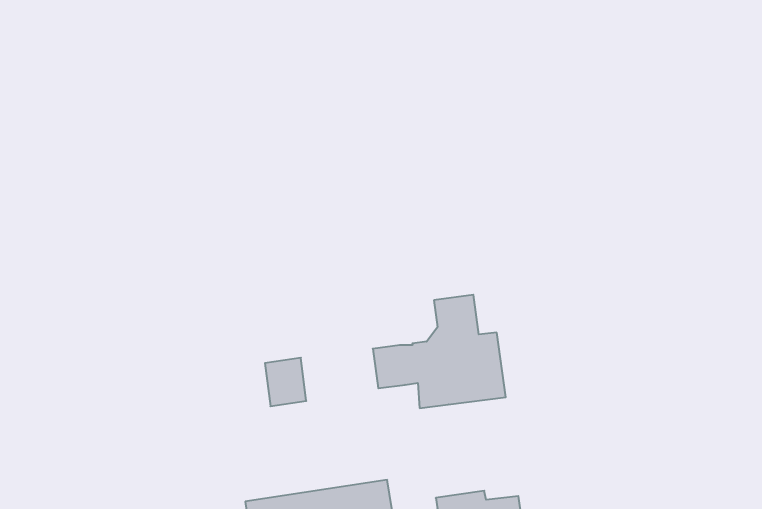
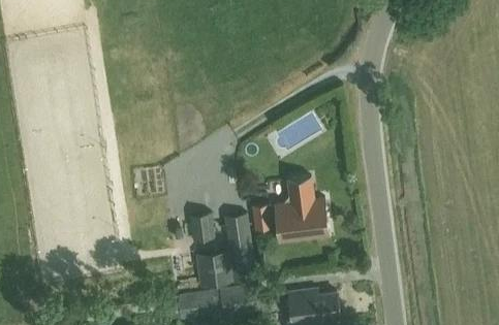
building: none -> [195,215,253,286]

